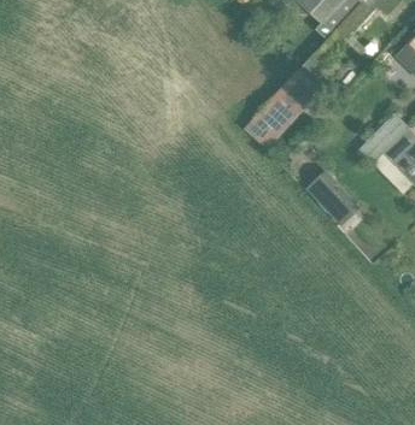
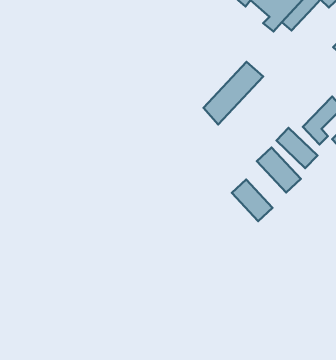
building: none -> [277,128,317,168]
building: none -> [232,180,272,221]

